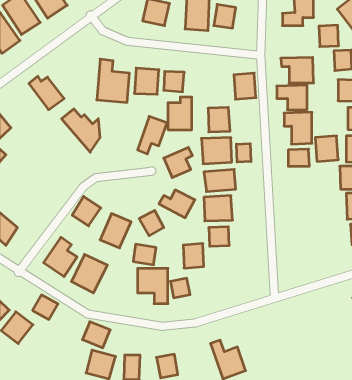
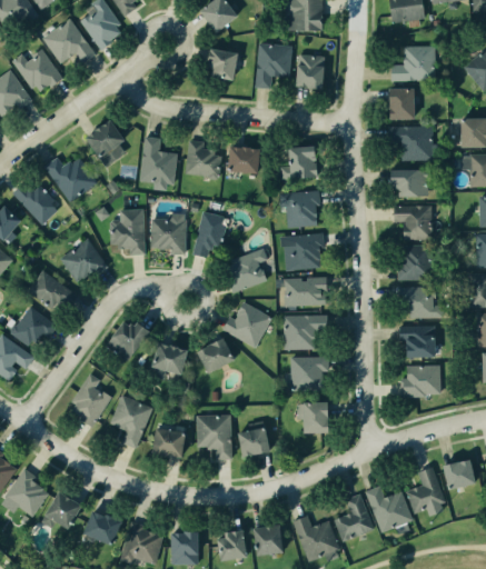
building: [319,25,339,47] -> [386,91,413,120]
building: none -> [83,120,121,157]
building: [234,73,256,99] -> [289,142,319,178]
building: none -> [12,173,61,224]
building: [168,97,192,130] -> [153,209,186,253]
building: [315,136,338,161] -> [398,282,429,317]
building: none -> [65,239,103,278]
building: [236,144,251,162] -> none
building: none -> [29,270,75,312]
building: none -> [16,308,56,342]
building: none -> [400,322,435,358]
building: none -> [401,365,444,396]
building: [183,244,204,268] -> [300,401,328,435]
building: [133,244,156,265] -> [151,429,182,457]
building: [33,295,58,319] -> [46,495,80,528]
building: none -> [444,456,474,489]
building: none -> [406,467,446,515]
building: none -> [365,479,408,530]
building: [82,322,110,348] -> [82,509,120,545]
building: none -> [337,495,373,542]
building: none -> [251,522,282,558]

